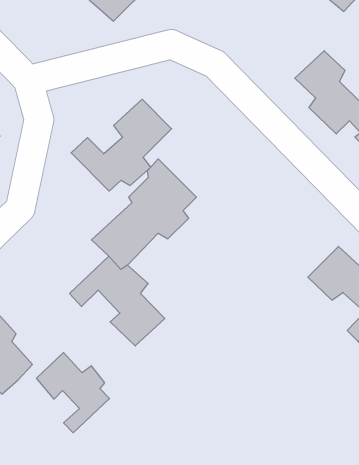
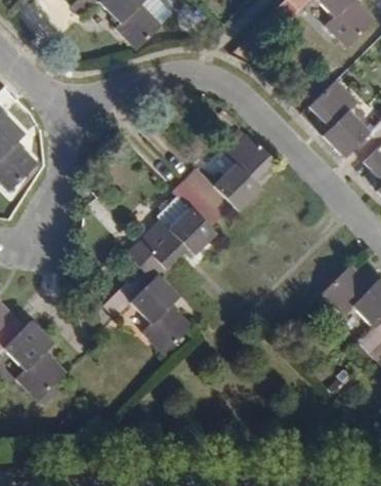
building: [71,99,172,191] -> [181,130,276,216]
building: [37,353,110,433] -> none

